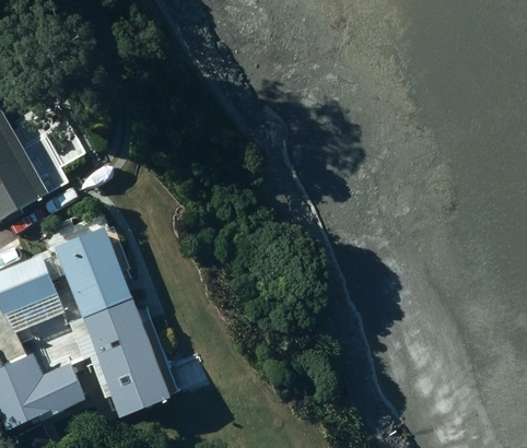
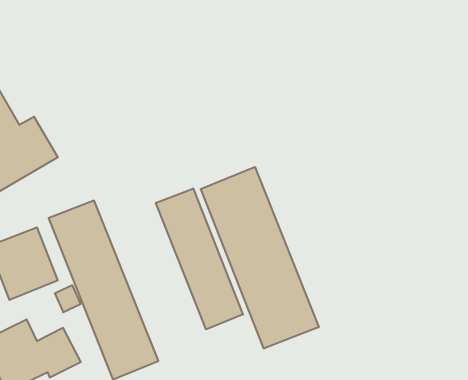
building: none -> [201,167,319,349]
building: none -> [156,188,243,329]

